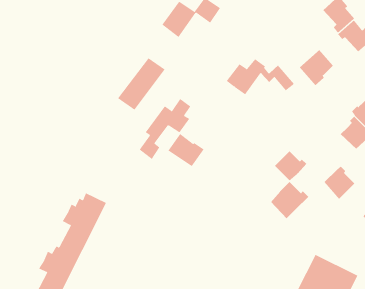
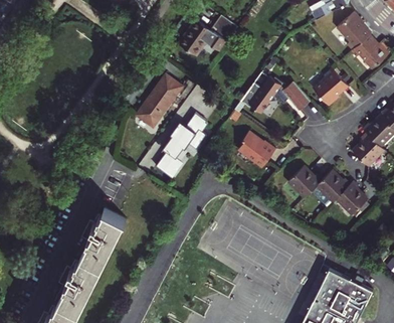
building: [168,133,204,167] -> [237,134,273,167]
building: [270,181,309,219] -> [313,170,351,207]

